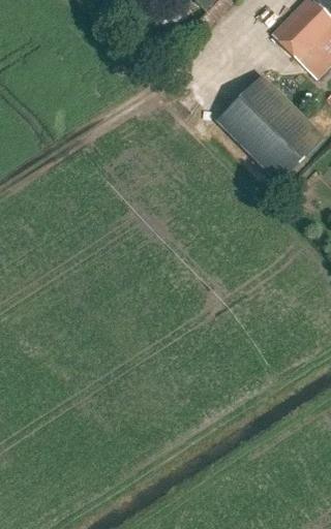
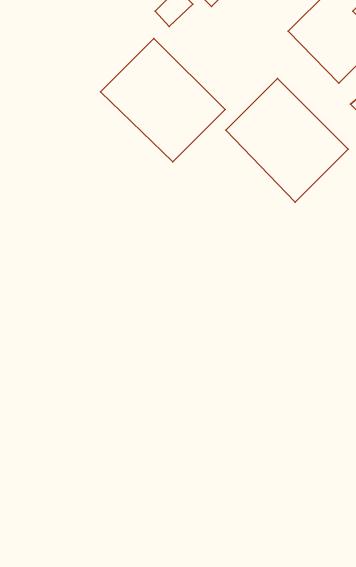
building: none -> [100,38,225,162]

